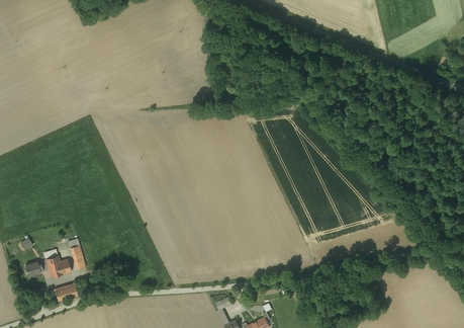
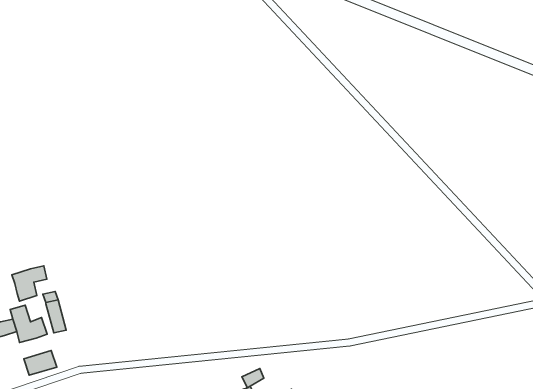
building: none -> [12,266,47,301]

